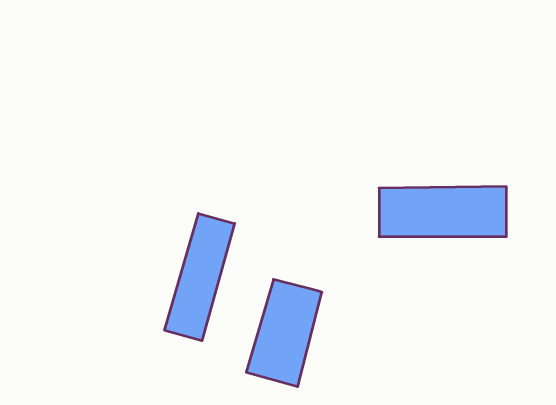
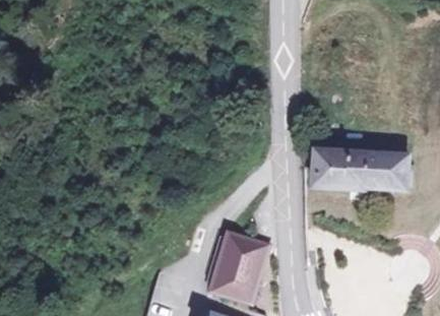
building: [165,213,235,341] -> none

